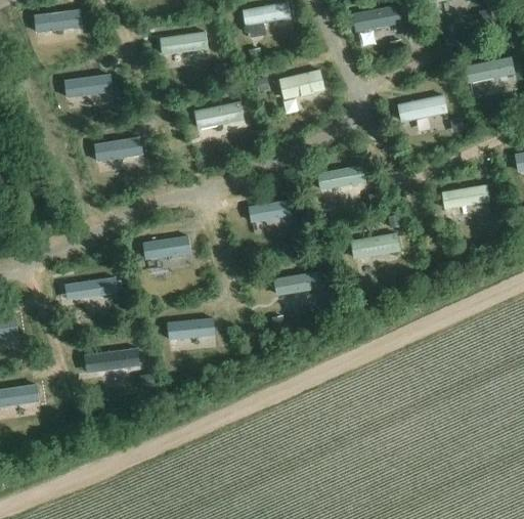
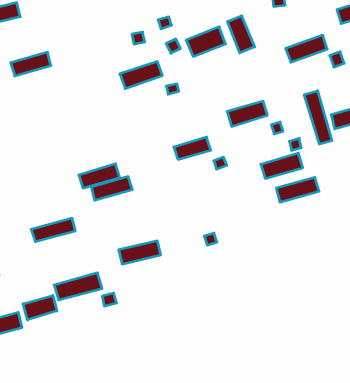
building: [160,31,208,55] -> none
building: none -> [228,16,255,53]
building: [93,136,142,161] -> [79,164,120,188]
building: none -> [304,91,332,144]
building: [273,271,324,296] -> [276,177,319,202]
building: none -> [23,295,57,320]

